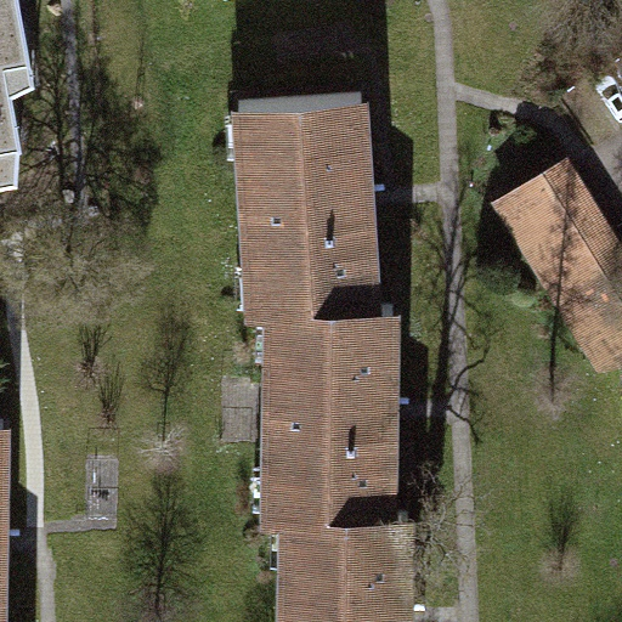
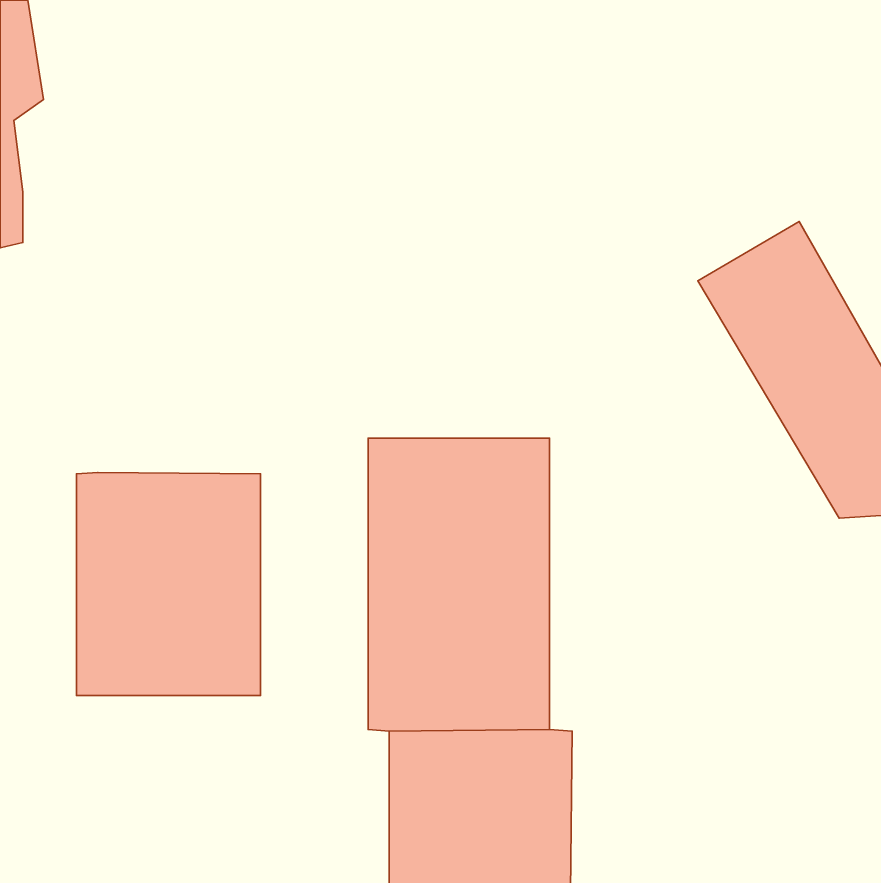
building: [233,97,373,311] -> none
building: none -> [77,472,261,695]

